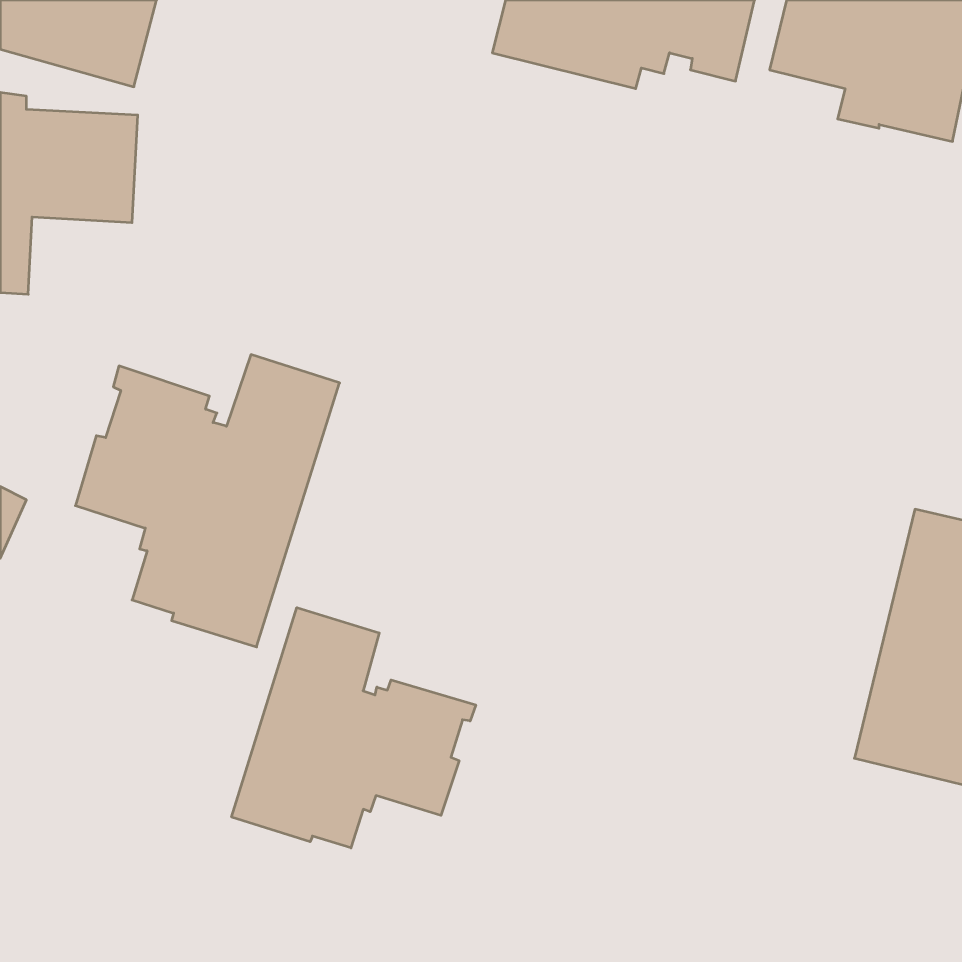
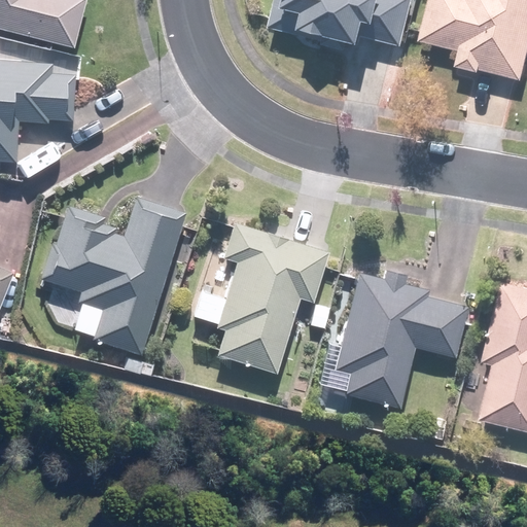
building: none -> [191,222,329,373]
building: none -> [337,269,468,406]
building: [232,608,476,848] -> none

